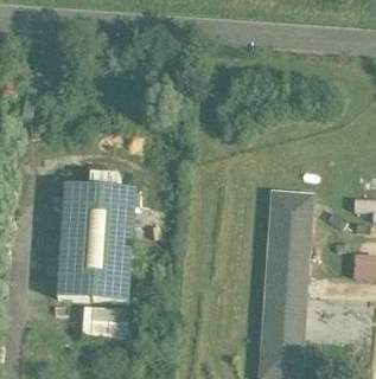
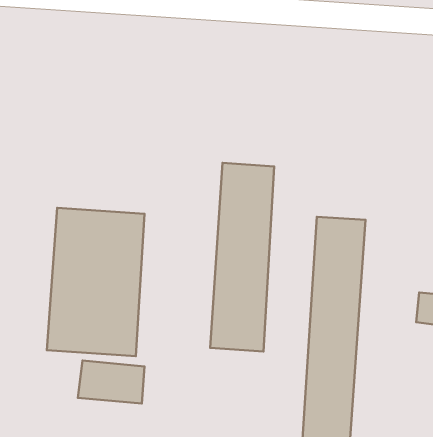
building: none -> [210,163,274,352]

